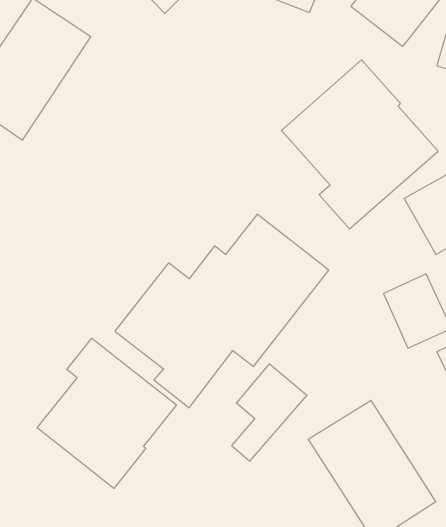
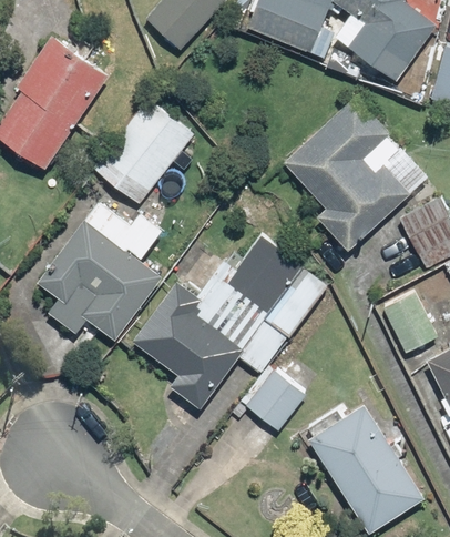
building: none -> [94,101,192,204]
building: none -> [38,205,162,340]
building: [37,338,176,488] -> none

